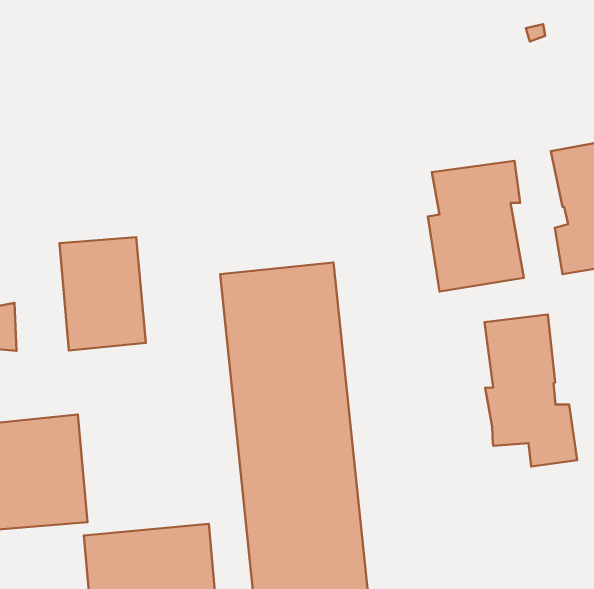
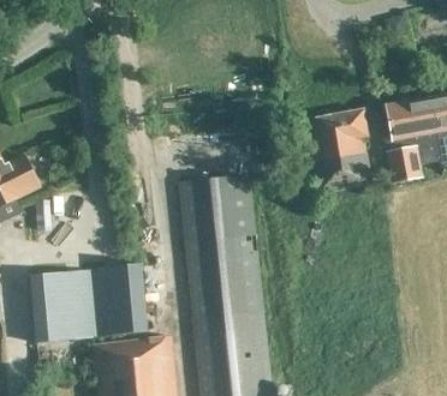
building: [59,237,146,351] -> [93,264,147,335]
building: [485,314,577,467] -> none

